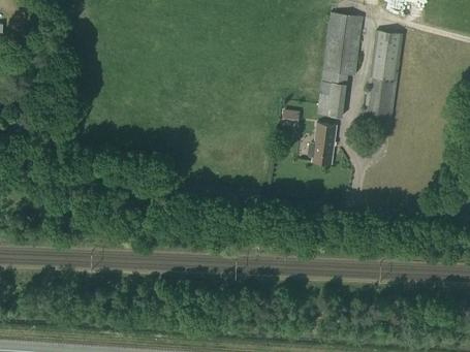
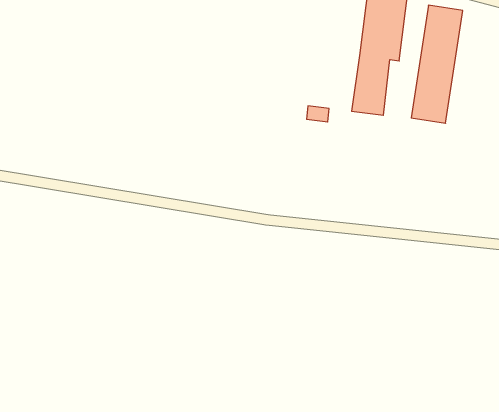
building: [310,123,336,163] -> none

